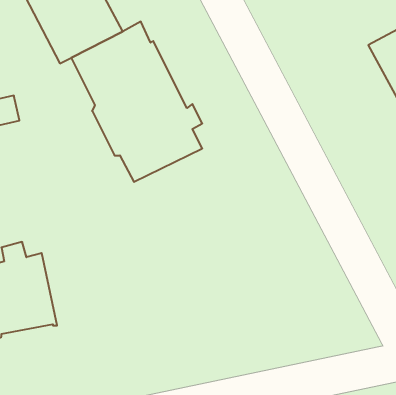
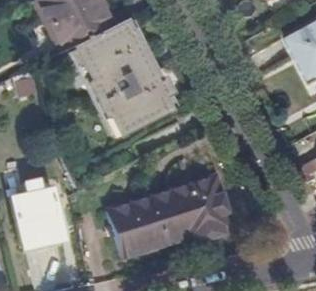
building: none -> [105,177,232,258]

